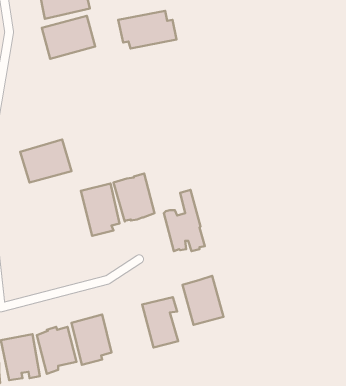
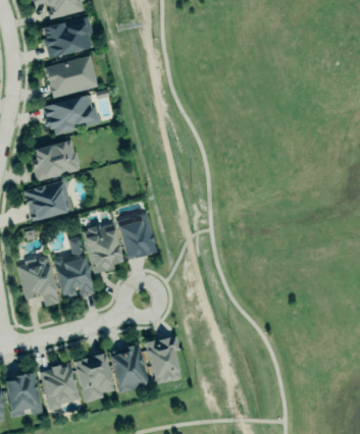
building: [118,11,176,49] -> [42,97,100,134]
building: none -> [30,141,79,182]
building: [164,190,205,251] -> [52,237,93,299]
building: none -> [16,258,58,307]
building: [182,276,223,325] -> [108,344,149,393]

